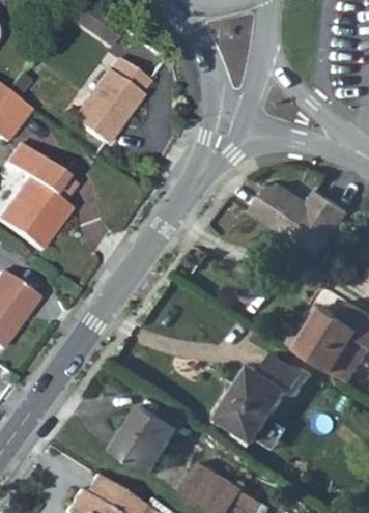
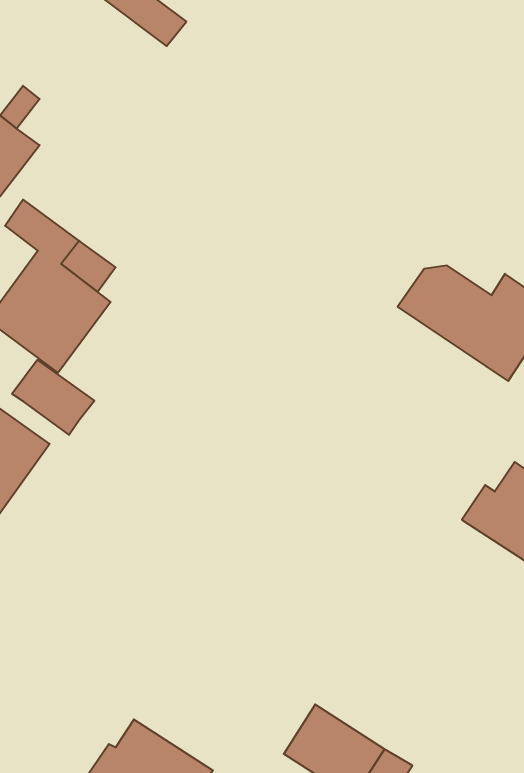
building: [72,59,149,145] -> none
building: none -> [12,360,94,435]
building: [222,353,310,441] -> none
building: [119,404,182,472] -> none

